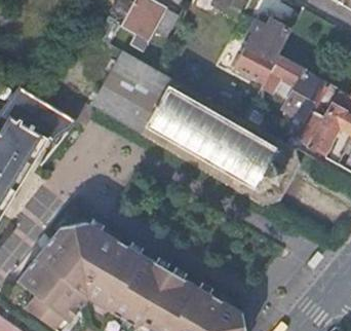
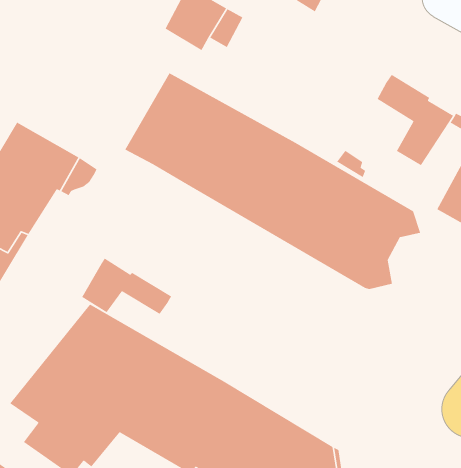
building: [234,15,285,80] -> none
building: none -> [81,258,172,315]

